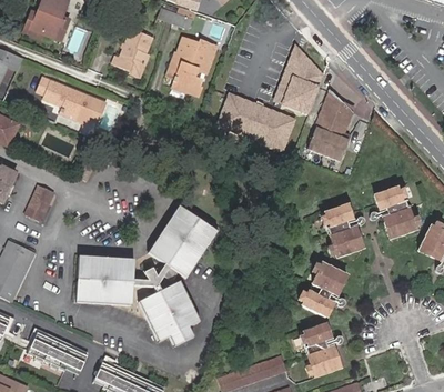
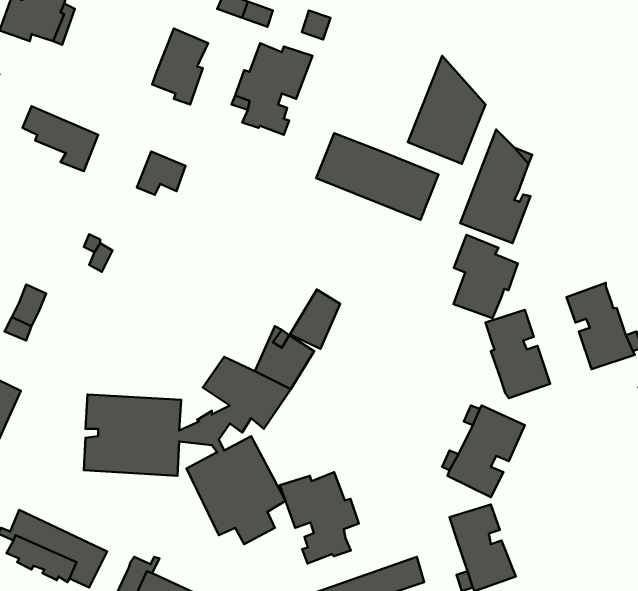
building: [75,96,105,122] -> [137,151,185,195]
building: none -> [454,235,518,318]
building: [162,204,193,241] -> [290,290,340,349]
building: none -> [280,472,359,563]

